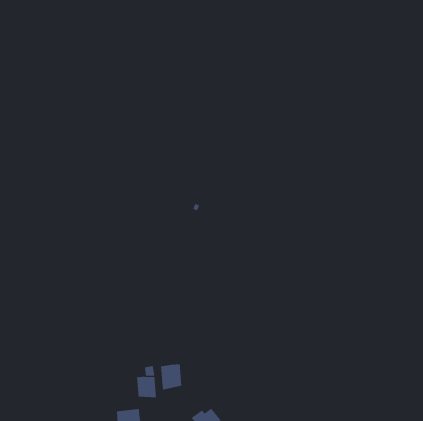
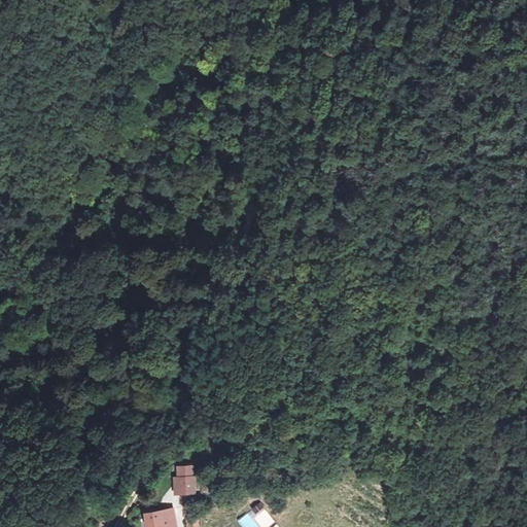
building: [161,364,182,390] -> none

